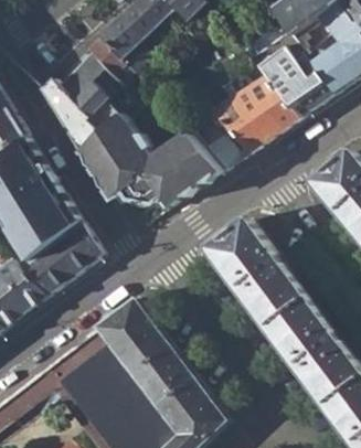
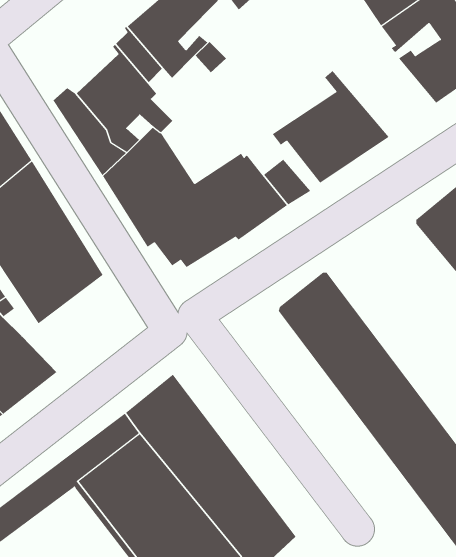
building: [238,21,332,118] -> none
building: [18,223,100,297] -> none

